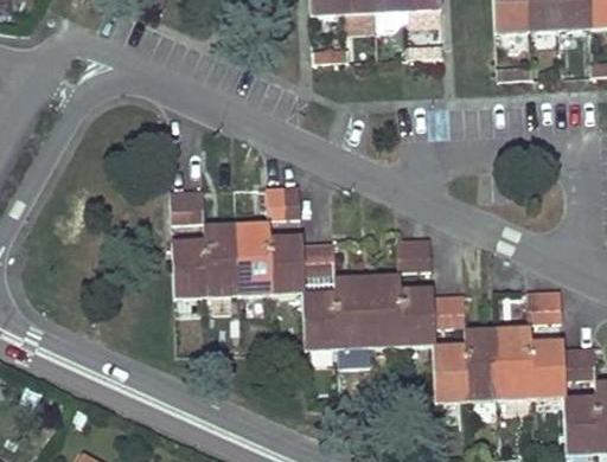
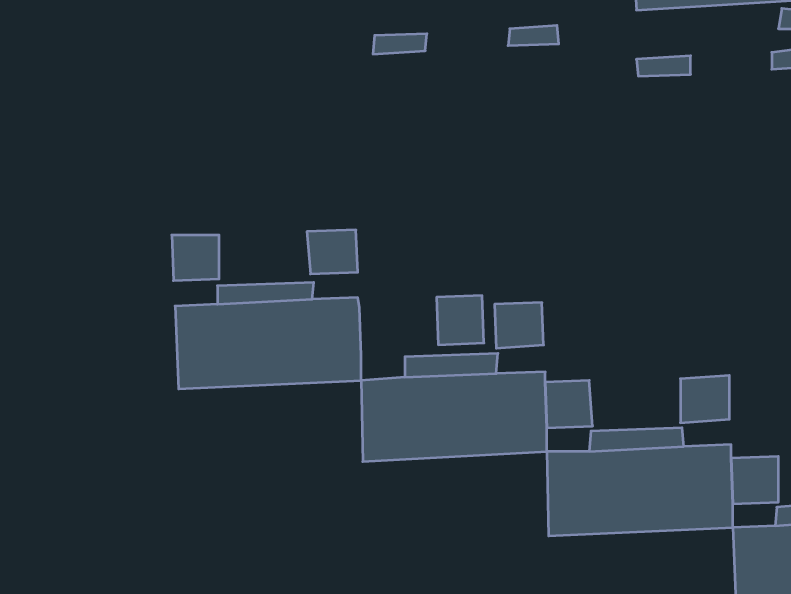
building: [302,239,336,274] -> [437,296,484,345]

